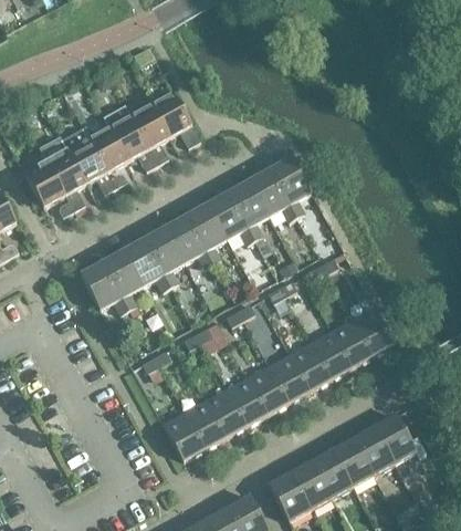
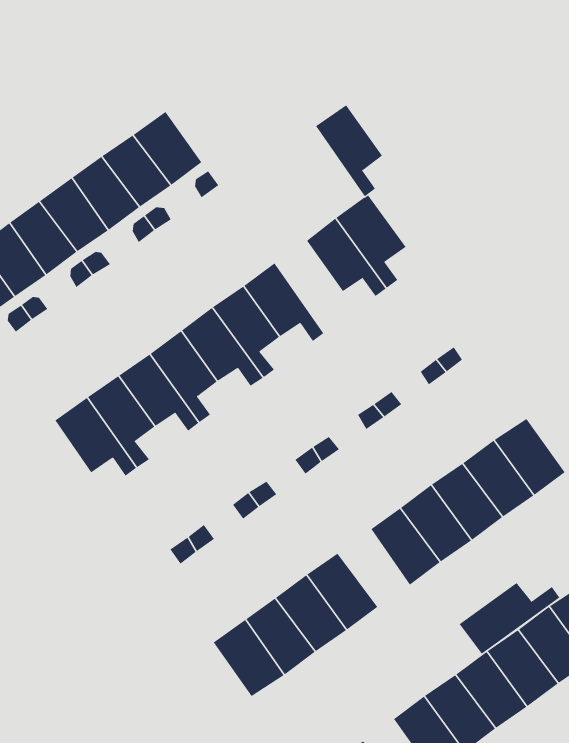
building: [229,181,269,240] -> [315,105,383,197]
building: [247,365,289,414] -> none
building: none -> [459,582,560,655]

